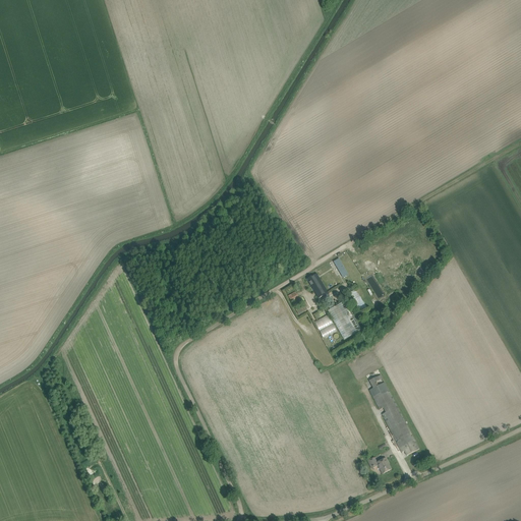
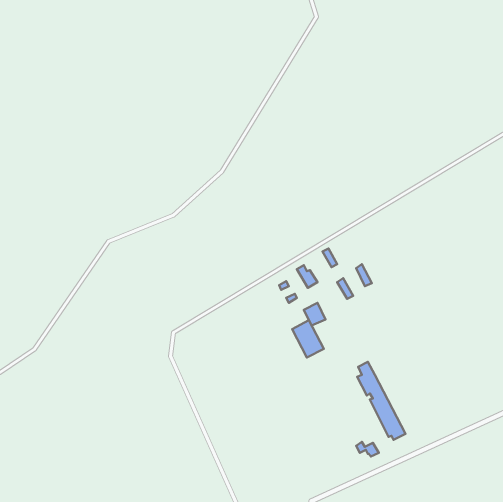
building: [327,299,359,338] -> [292,320,324,358]

